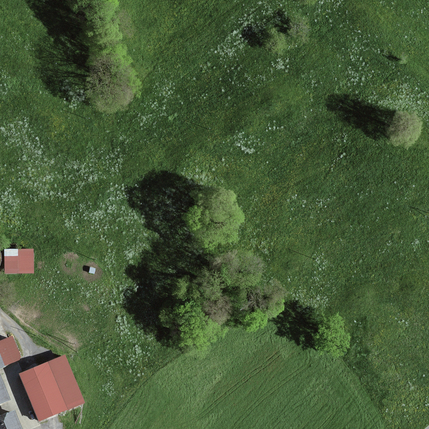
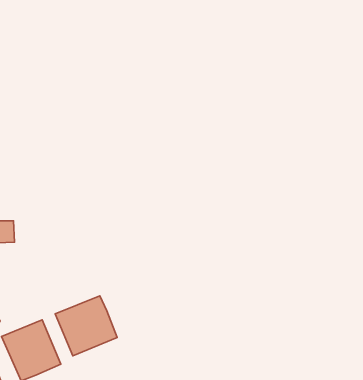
building: none -> [55,296,117,356]

